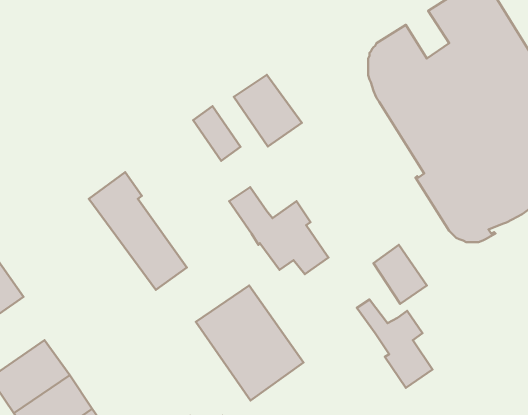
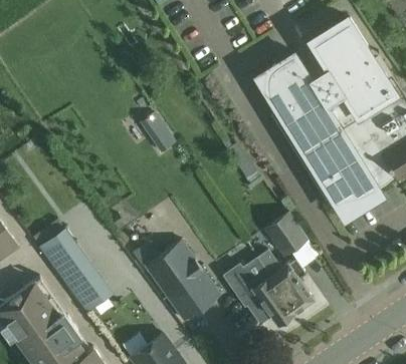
building: [234,75,302,146] -> none
building: [89,172,187,290] -> [38,227,109,311]
building: [229,187,329,274] -> [223,264,294,326]

